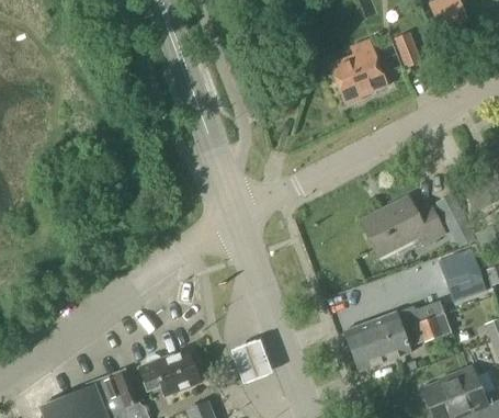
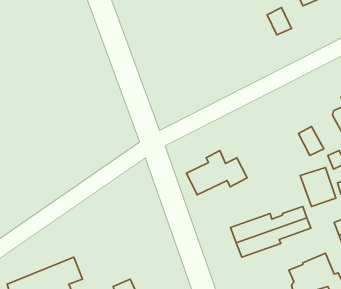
building: [330,39,387,102] -> none
building: [364,195,446,256] -> [187,150,247,195]
building: [230,346,274,389] -> none
building: [139,350,200,395] -> none

